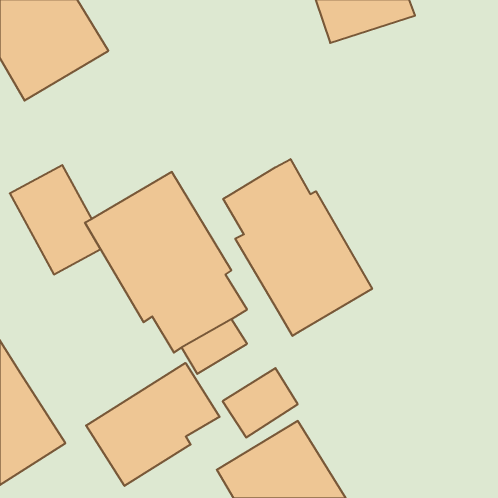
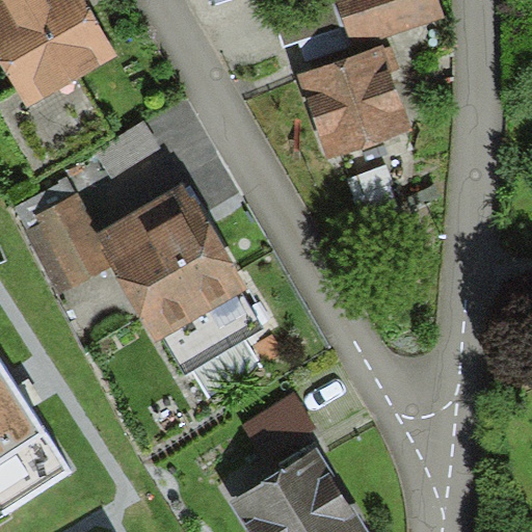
building: none -> [297,42,415,160]
building: [223,159,372,336] -> none
building: [86,363,220,486] -> none

